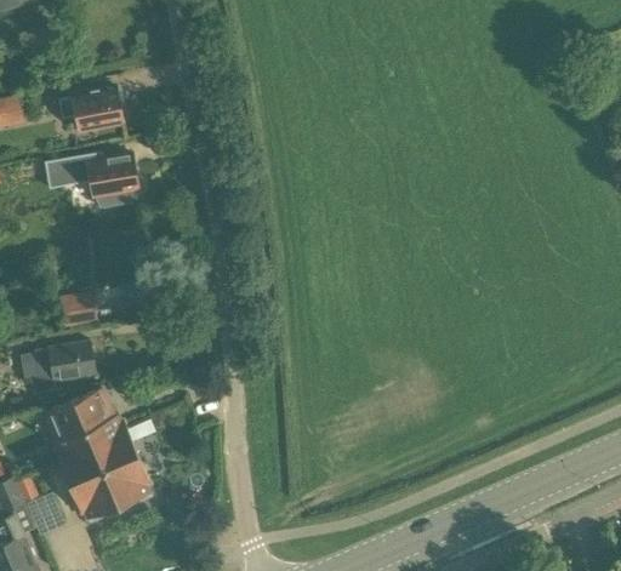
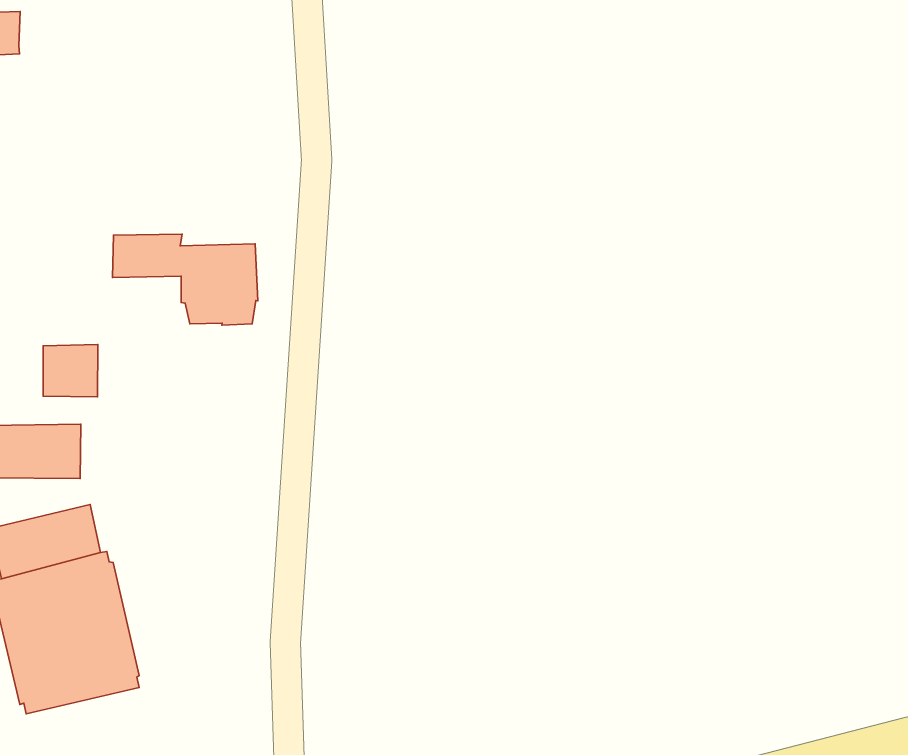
building: [58,85,125,131] -> none
building: [45,153,138,207] -> [113,234,258,325]

